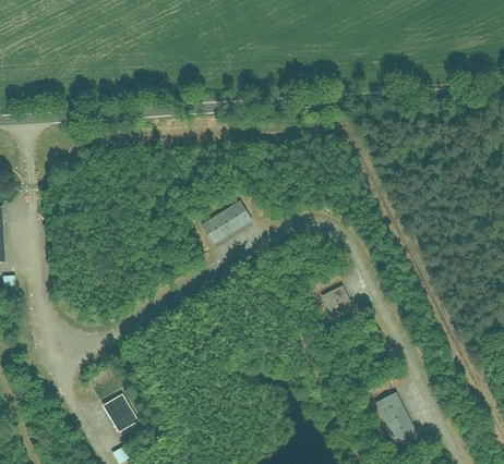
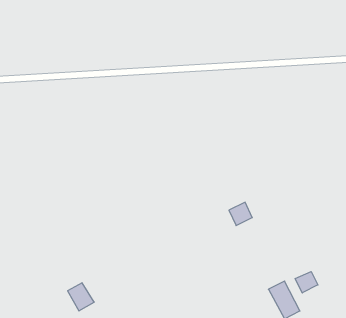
building: [200,200,251,245] -> none
building: none -> [295,272,318,293]

